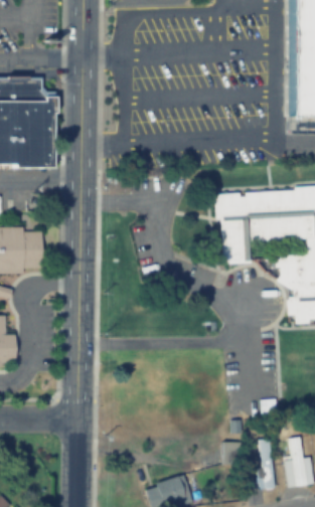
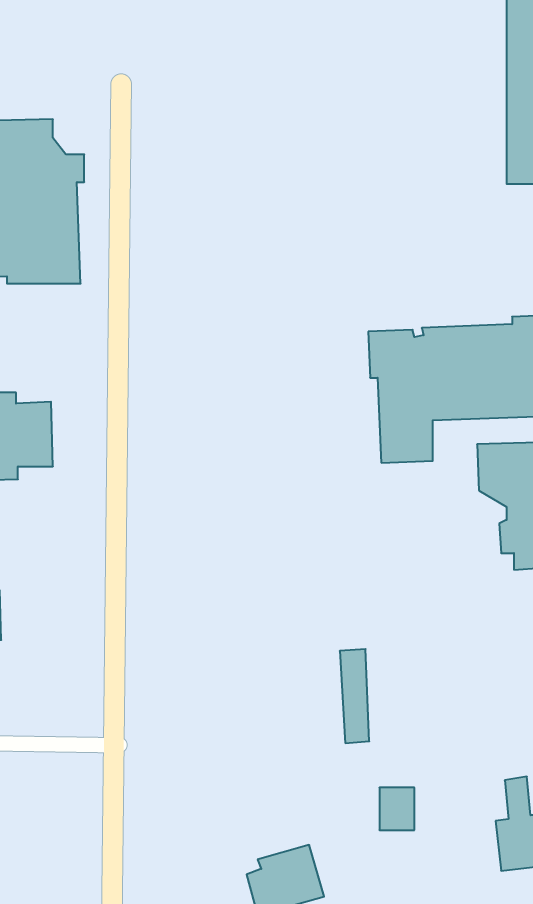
building: [258,439,274,490] -> [340,649,369,743]

